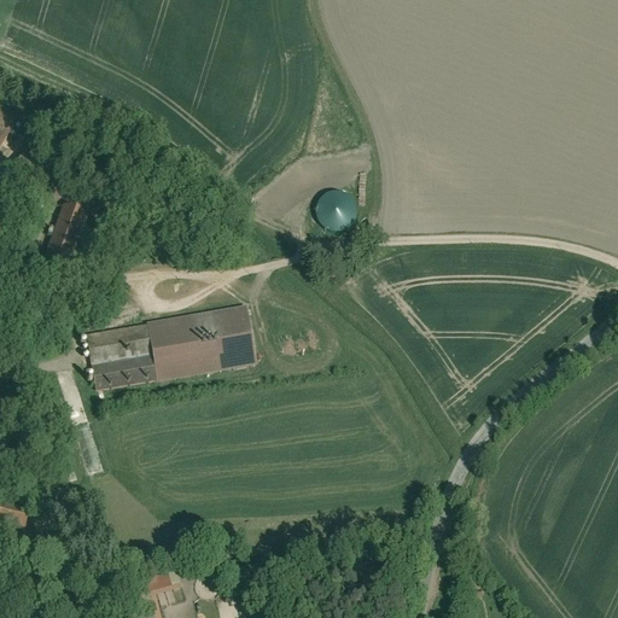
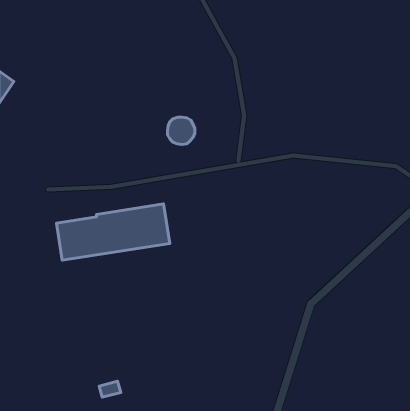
building: [316,191,357,232] -> [167,117,195,145]
building: [40,205,87,276] -> none

